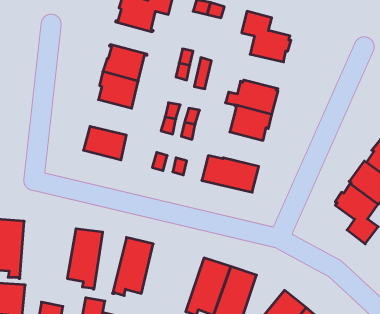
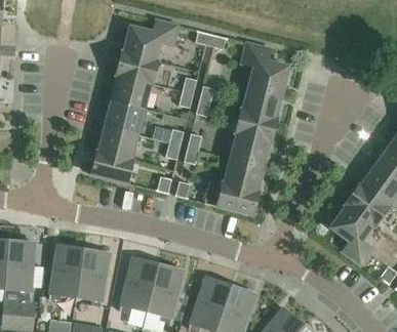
building: none -> [116,52,156,83]
building: none -> [243,83,281,116]
building: none -> [96,126,136,160]
building: none -> [224,157,262,190]
building: none -> [48,244,83,299]
building: none -> [146,263,183,323]

